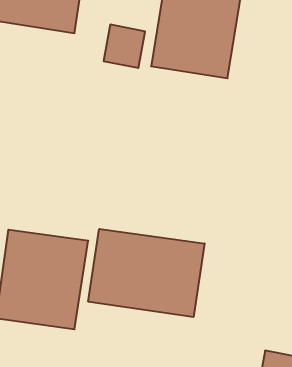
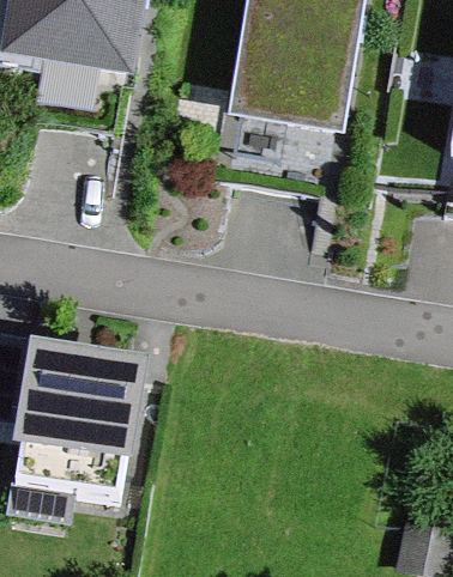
building: [88,229,205,317] -> none

